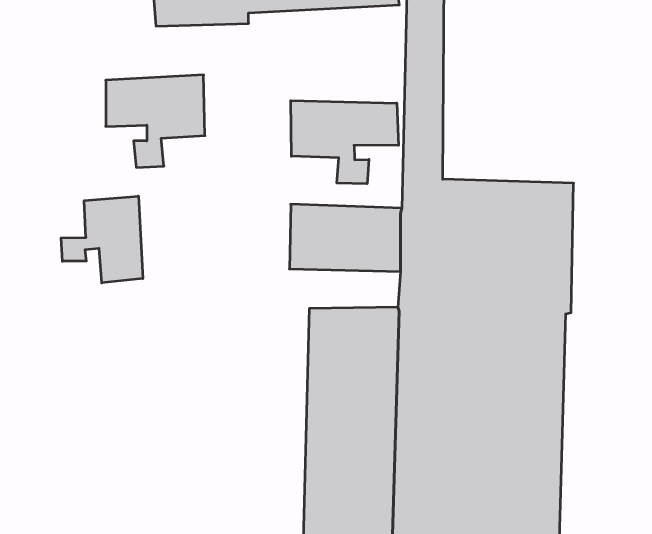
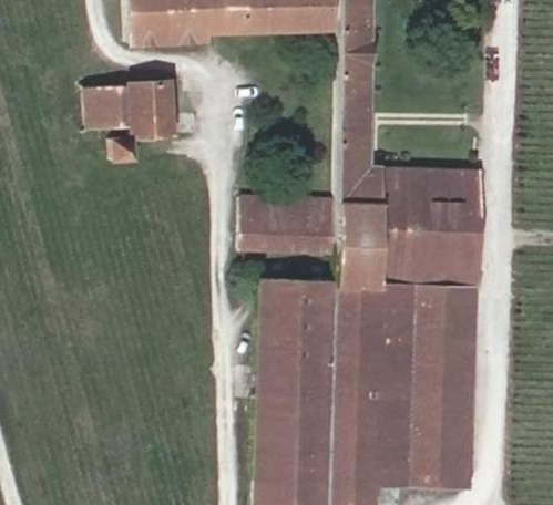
building: [291,101,398,184] -> none
building: [61,196,143,283] -> none

